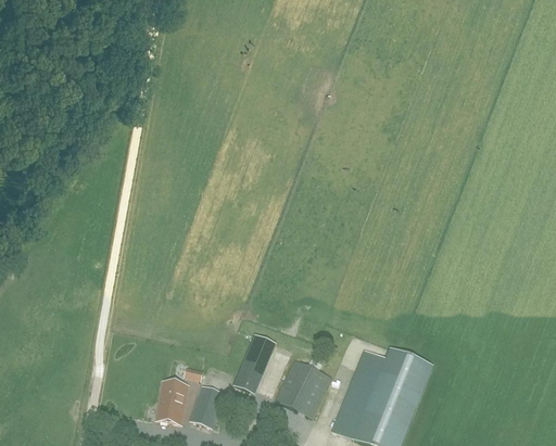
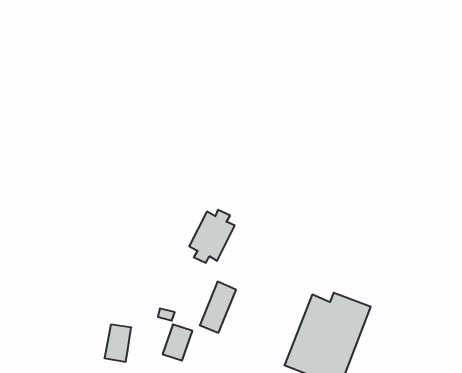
building: [275,355,328,417] -> [189,210,235,263]
building: [156,380,188,423] -> [104,325,131,362]

